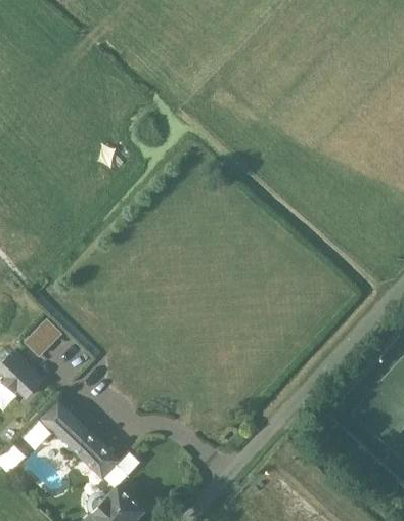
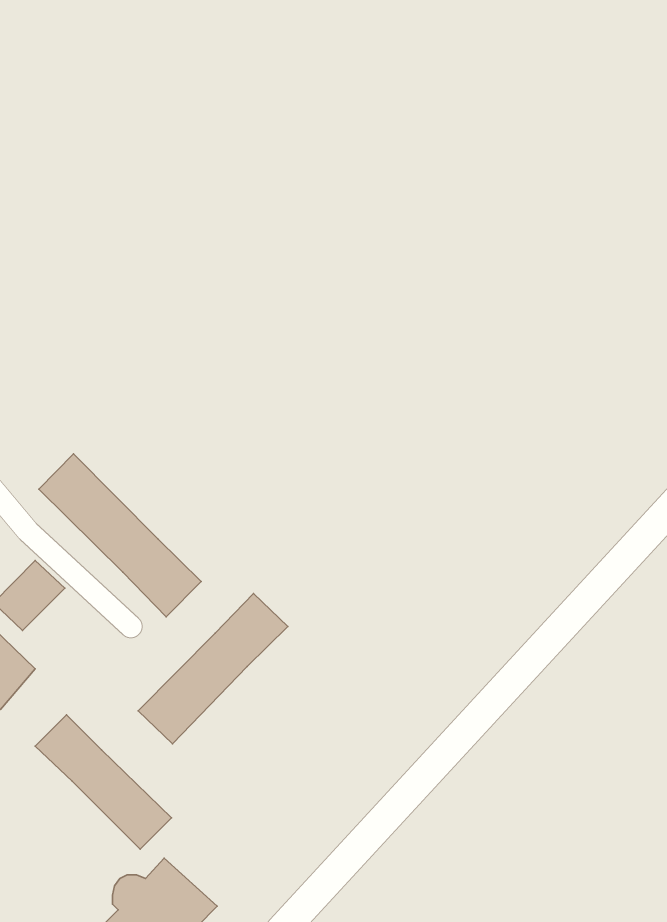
building: none -> [39,454,201,617]
building: none -> [138,594,288,744]

